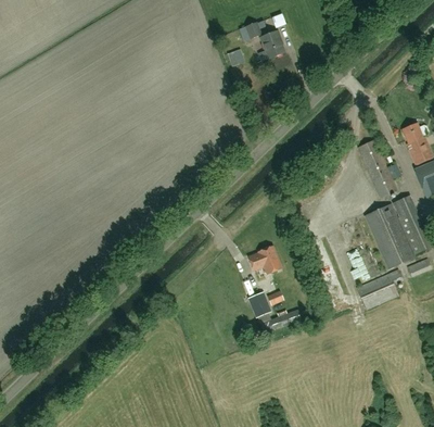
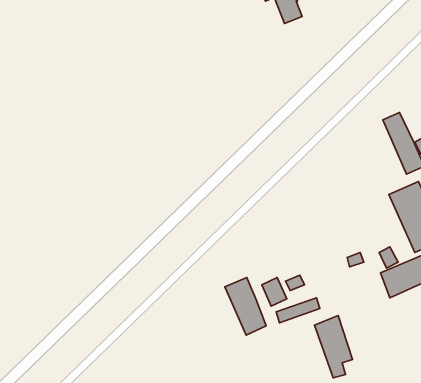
building: [248,246,281,274] -> none
building: none -> [225,278,266,335]
building: none -> [315,316,353,378]

